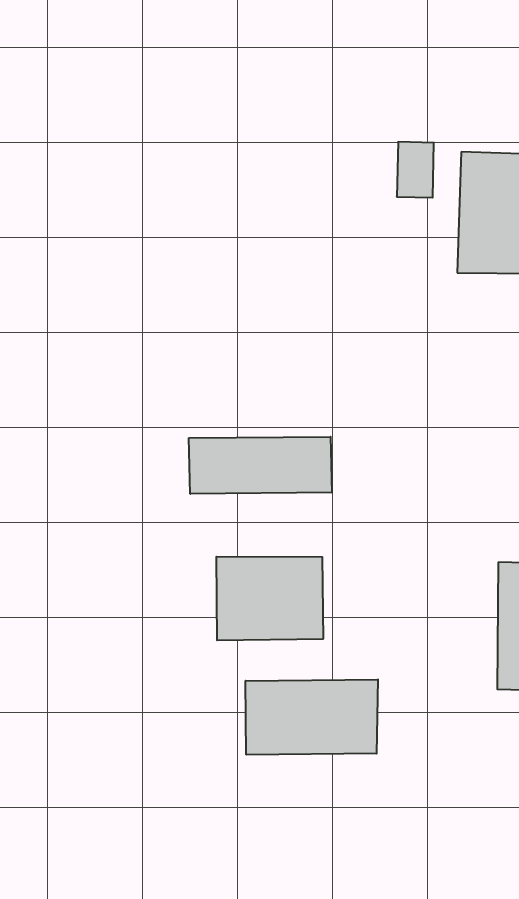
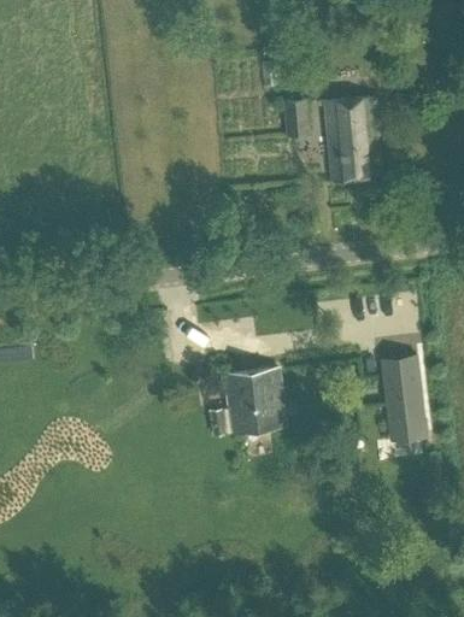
building: [189,437,332,494] -> none
building: [246,679,378,755] -> none

